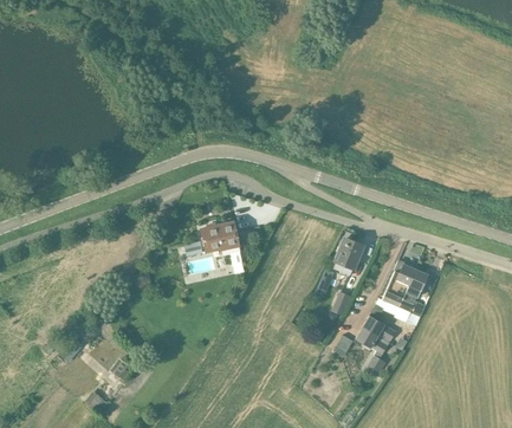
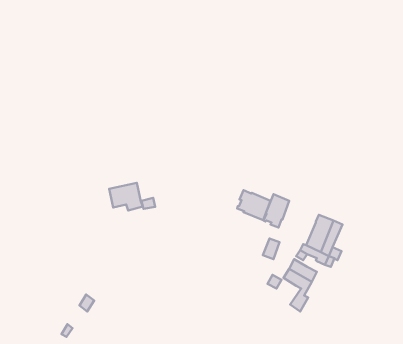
building: [201,221,241,254] -> [109,183,143,210]
building: none -> [237,190,270,220]

